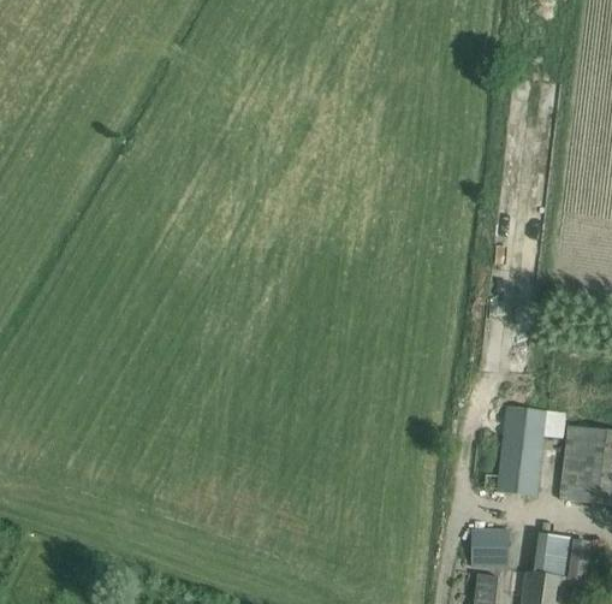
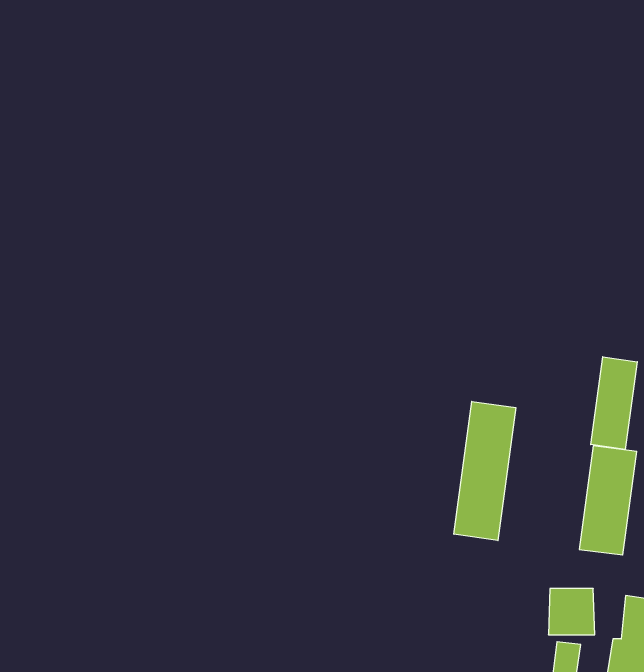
building: none -> [591,357,637,450]
building: none -> [454,401,516,541]

